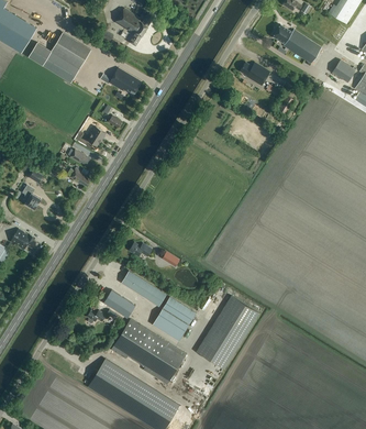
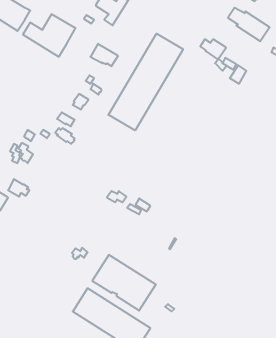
building: none -> [108,34,183,130]
building: [121,271,196,340] -> none
building: [103,289,136,318] -> none
building: [197,296,259,369] -> none

